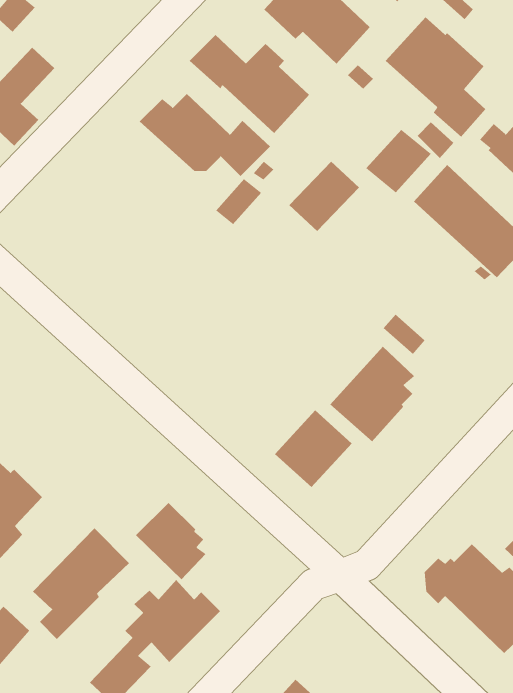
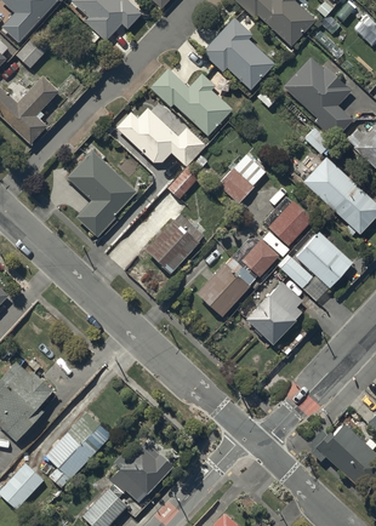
building: [365,129,431,193] -> [270,205,315,248]
building: none -> [68,153,141,240]
building: none -> [147,216,207,276]
building: none -> [297,236,354,292]
building: none -> [244,242,280,280]
building: [274,410,353,488] -> [199,267,252,320]
building: [135,502,206,580] -> none

